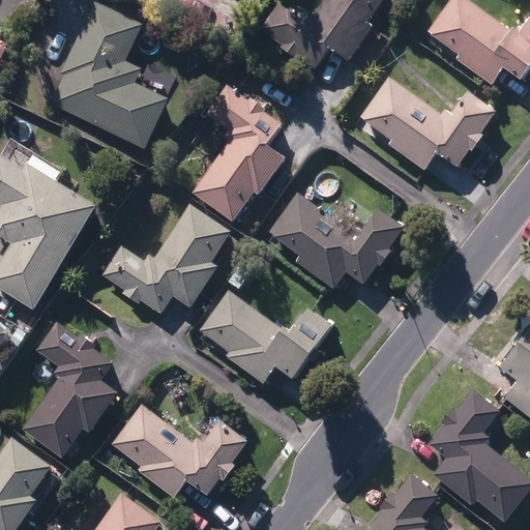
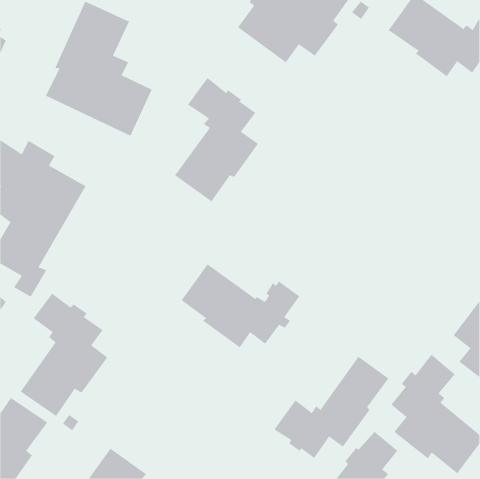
building: [359,77,497,172] -> none
building: [270,193,405,290] -> none
building: [102,205,232,314] -> none
building: none -> [274,356,389,459]
building: [111,404,249,498] -> none

